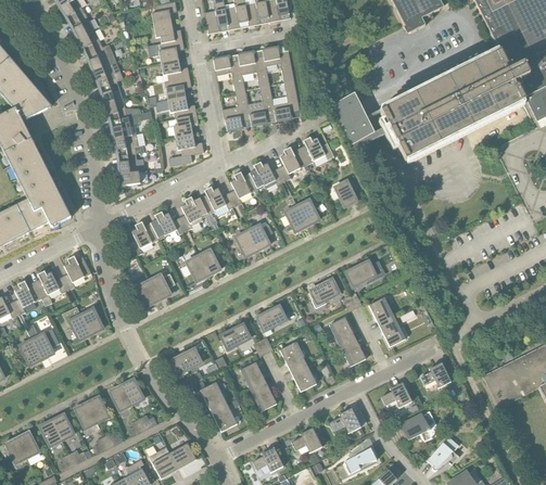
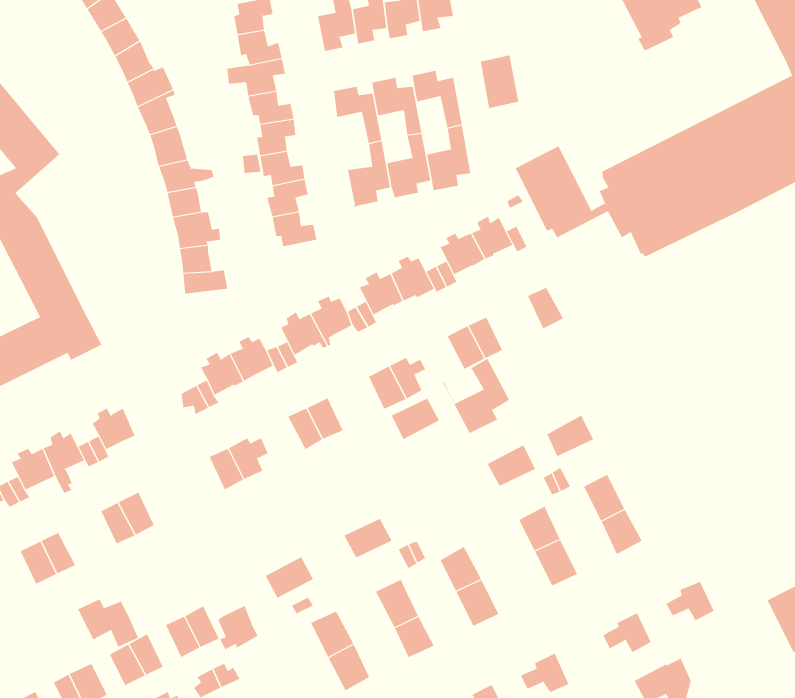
building: none -> [480,55,519,109]
building: none -> [442,358,510,434]
building: [256,305,287,331] -> [391,398,440,440]
building: none -> [78,598,139,648]
building: none -> [217,605,258,650]

